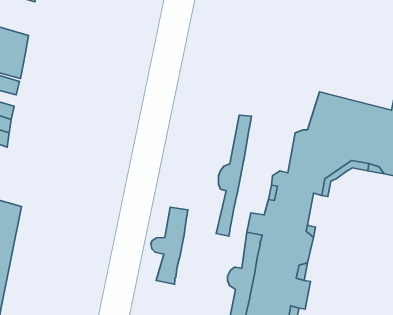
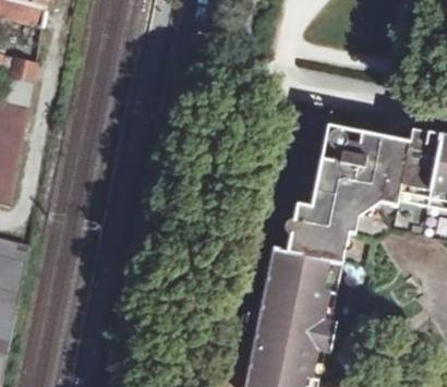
building: [216,115,252,236] -> none
building: [151,207,188,284] -> none

